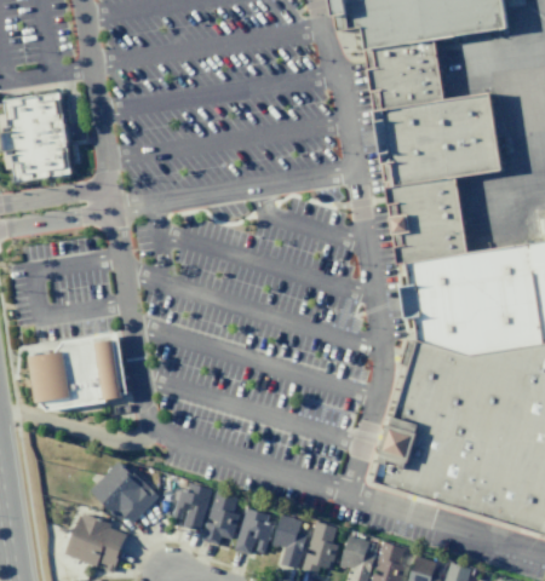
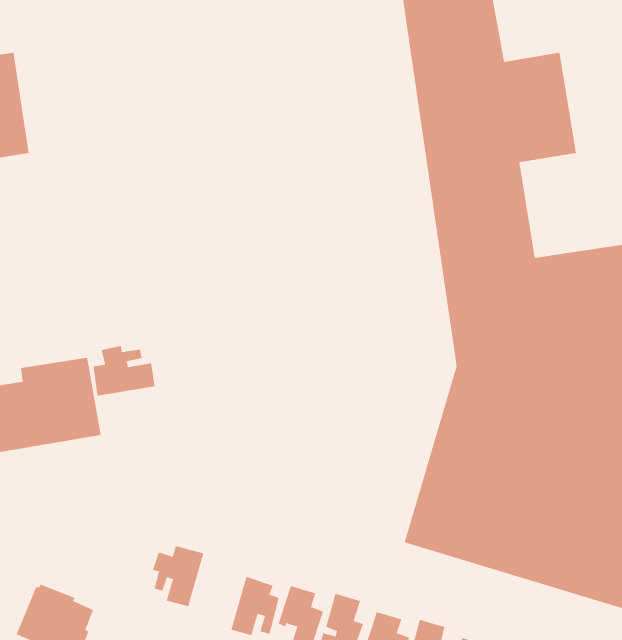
building: none -> [93,345,155,396]
building: [90,461,159,523] -> none
building: [202,490,240,545] -> none

